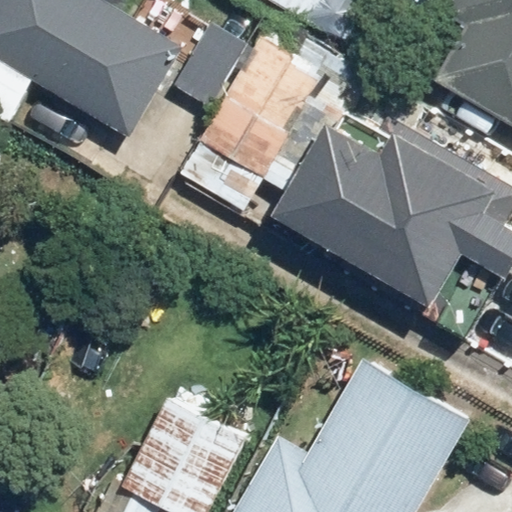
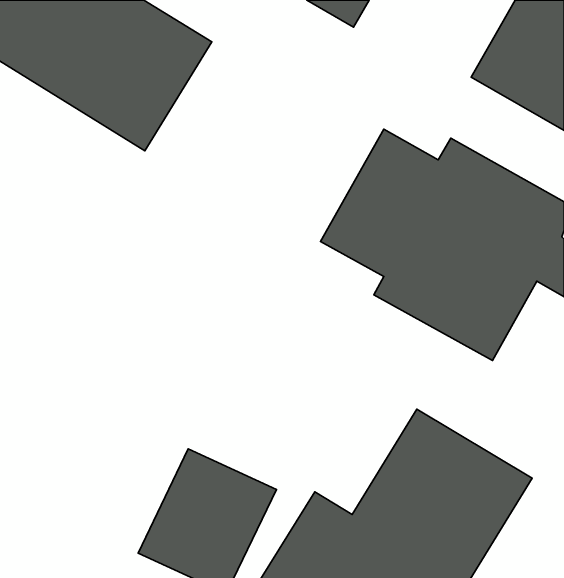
building: [197,42,320,178] -> none

